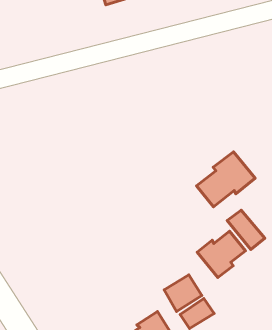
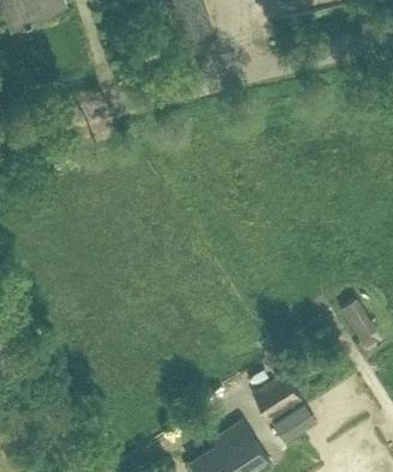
building: [197,152,255,207] -> none
building: [197,231,246,277] -> none

